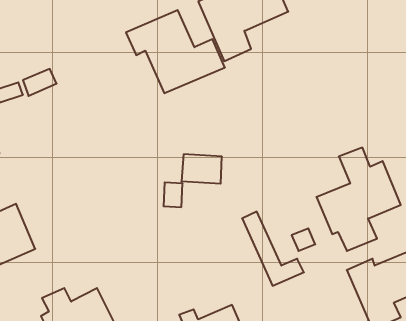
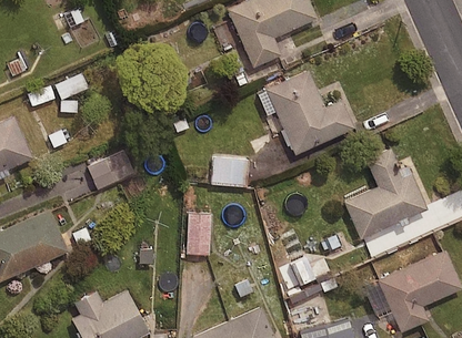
building: [126,10,225,93] -> [257,72,354,154]
building: none -> [88,153,134,191]
building: none -> [183,215,210,256]

